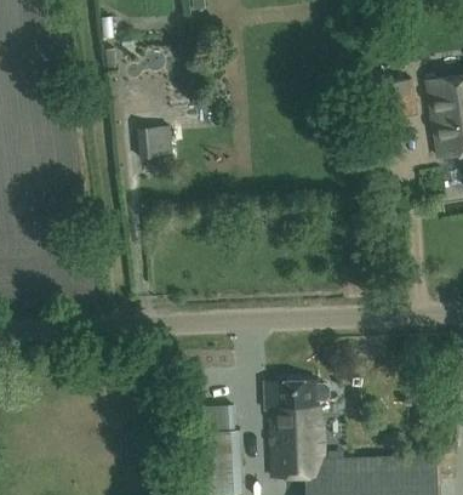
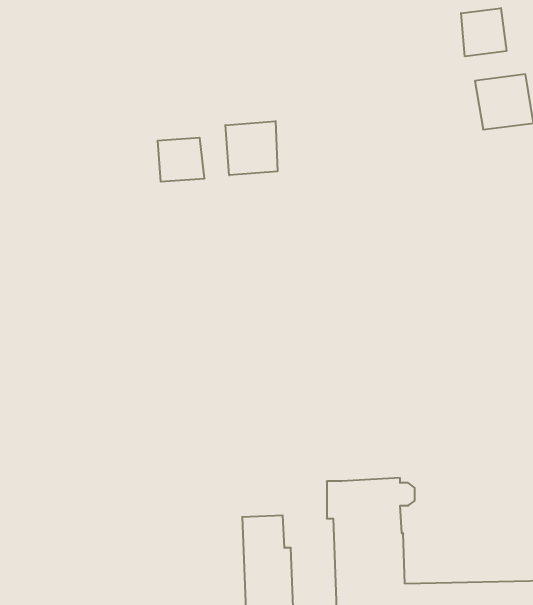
building: none -> [461,8,506,56]
building: none -> [225,121,277,175]

